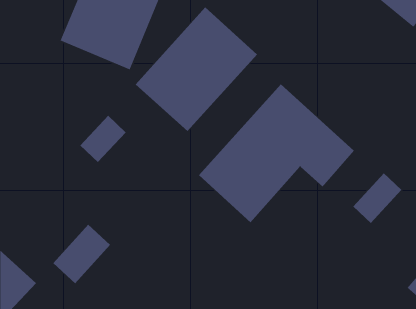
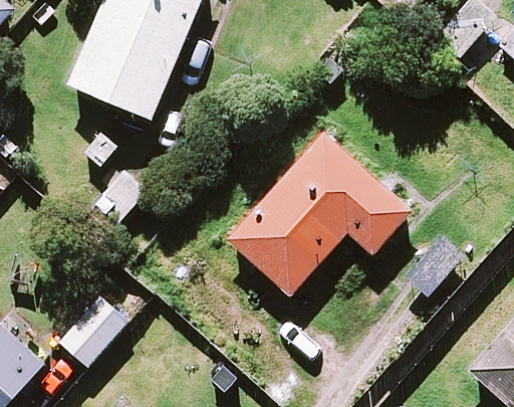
building: [135,7,258,132] -> none

